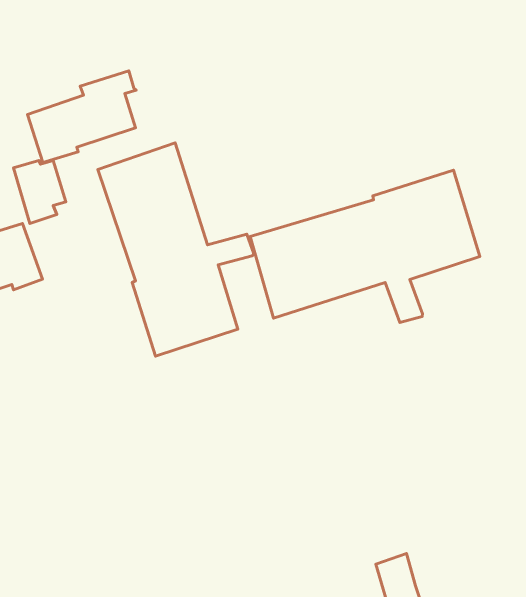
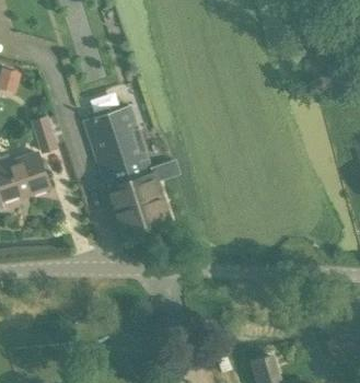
building: [28,71,136,163] -> none
building: [250,170,480,322] -> none

